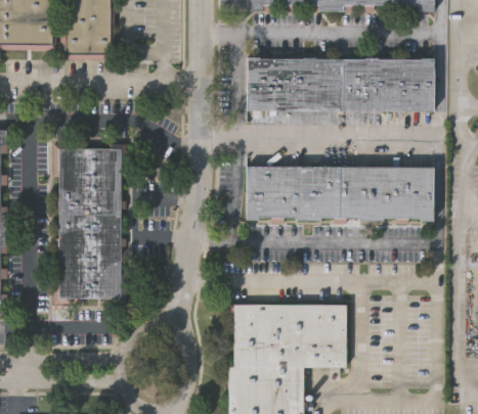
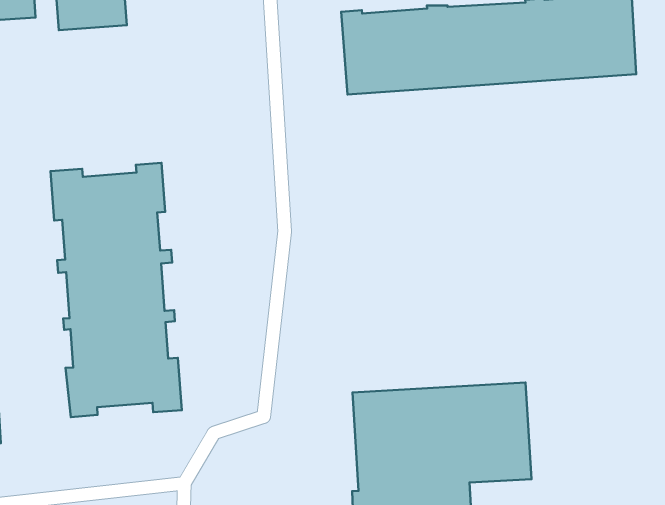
building: [247,168,433,221] -> none

